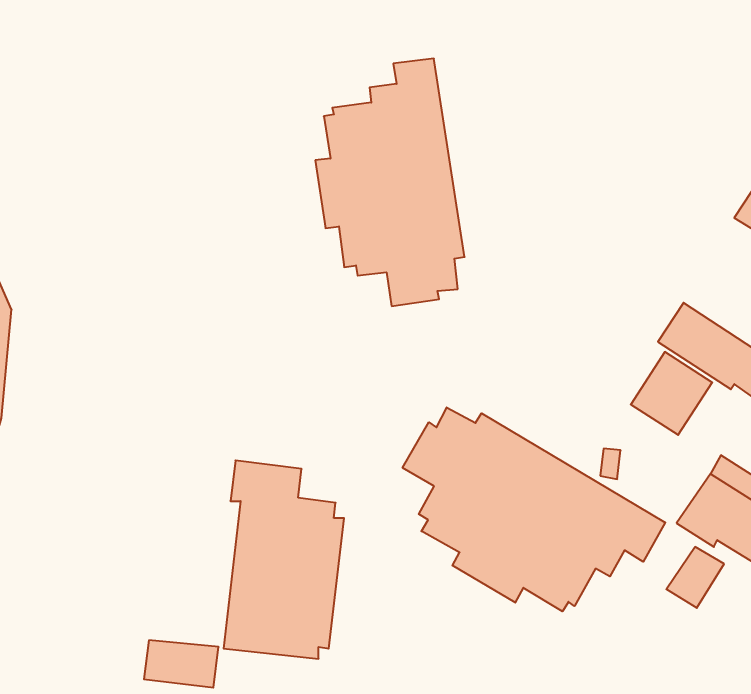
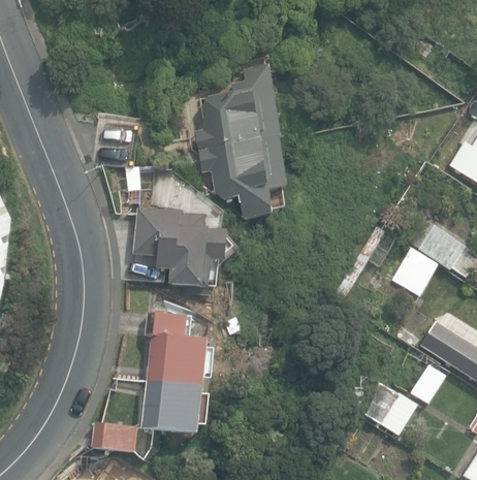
building: none -> [132,210,228,290]
building: [403,407,665,611] -> none
building: none -> [364,382,417,435]

